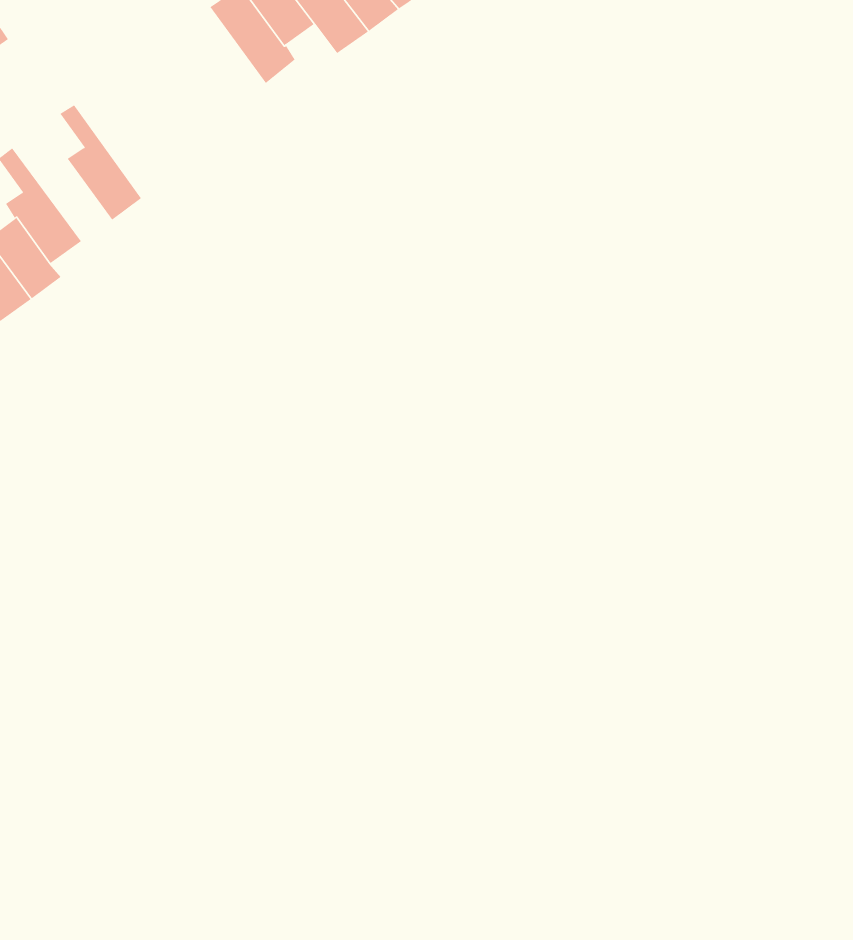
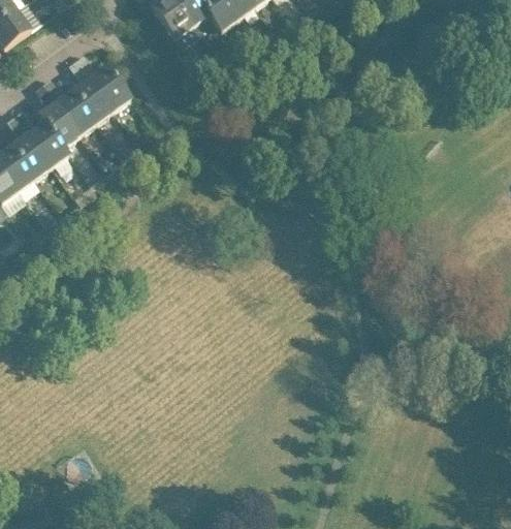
building: none -> [76,53,130,110]
building: none -> [42,76,97,133]

